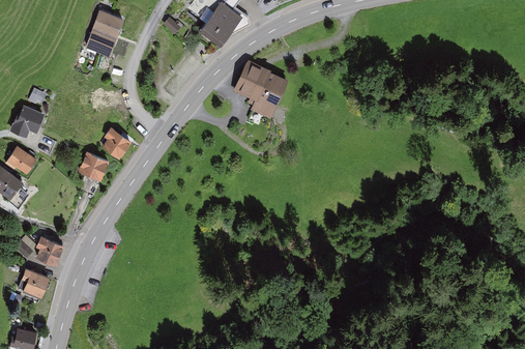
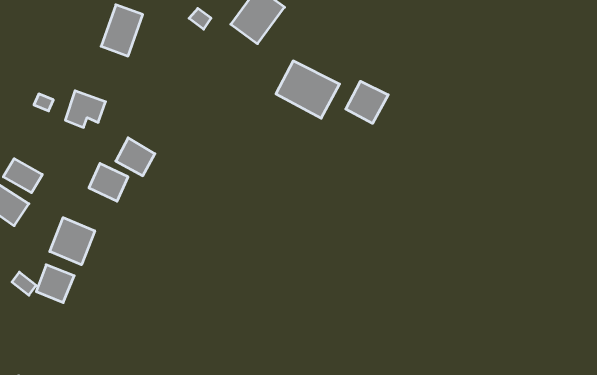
building: none -> [346,81,388,123]
building: [11,105,46,136] -> [65,91,106,127]
building: none -> [50,218,95,265]
building: [21,268,55,300] -> none

